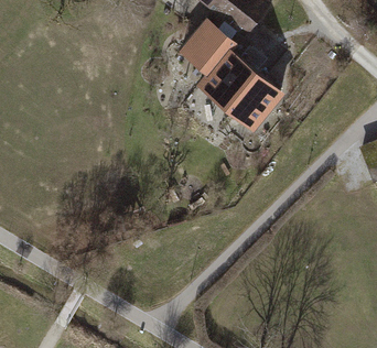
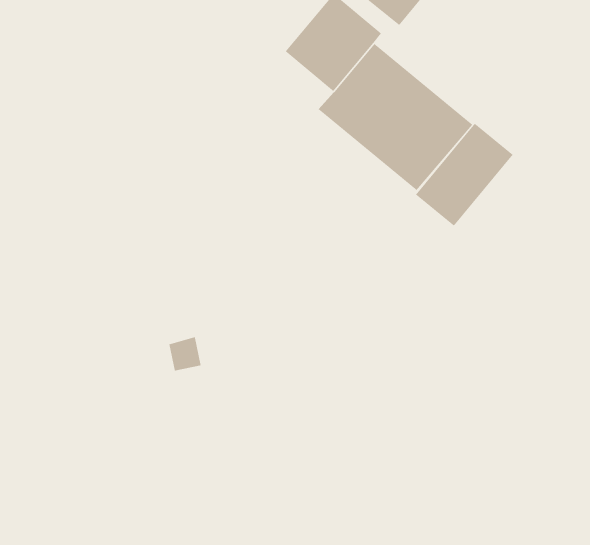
building: none -> [415,123,513,227]

